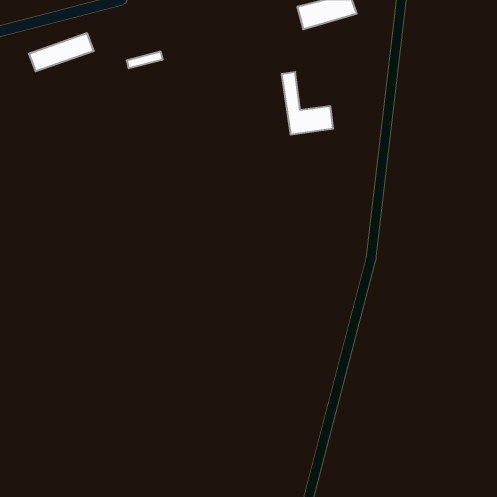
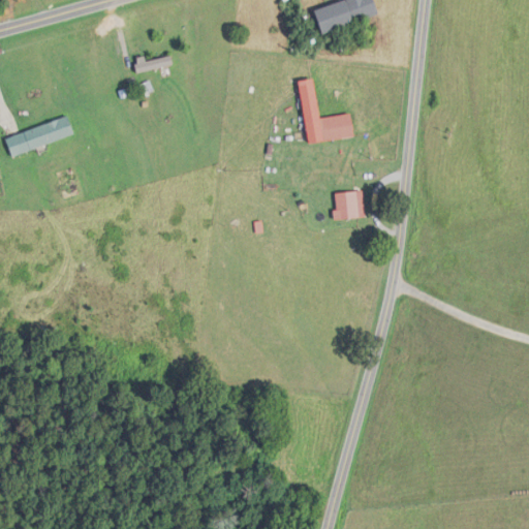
building: [29,33,94,71] -> [5,116,74,156]
building: none -> [334,191,359,218]

